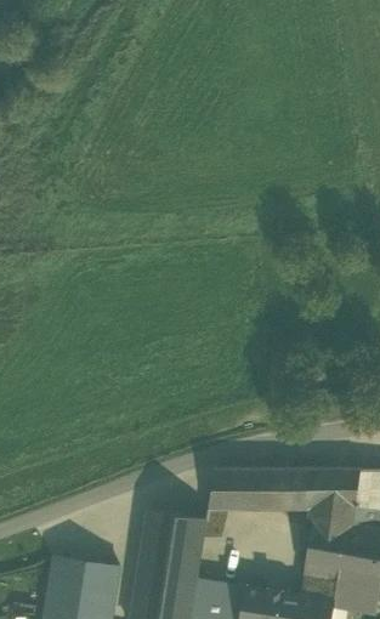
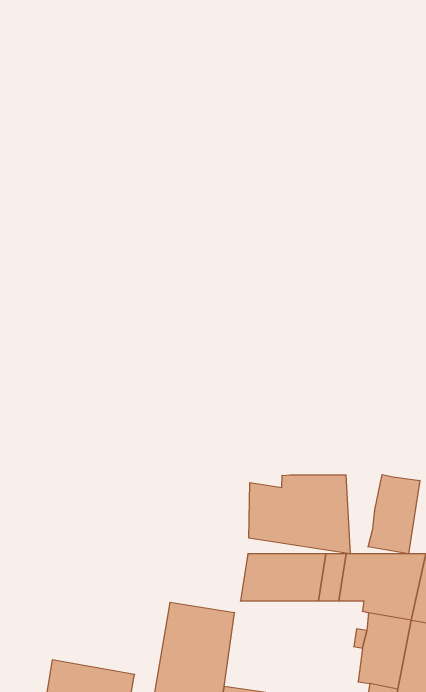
building: none -> [368,475,420,554]
building: none -> [249,475,350,554]

